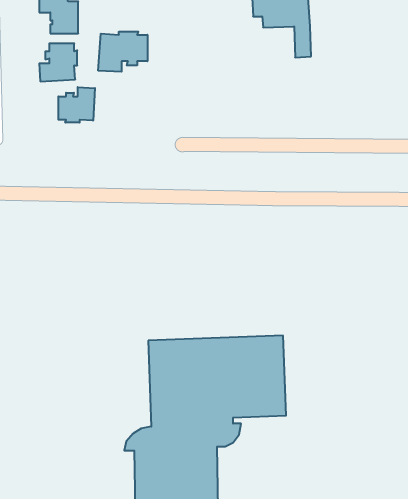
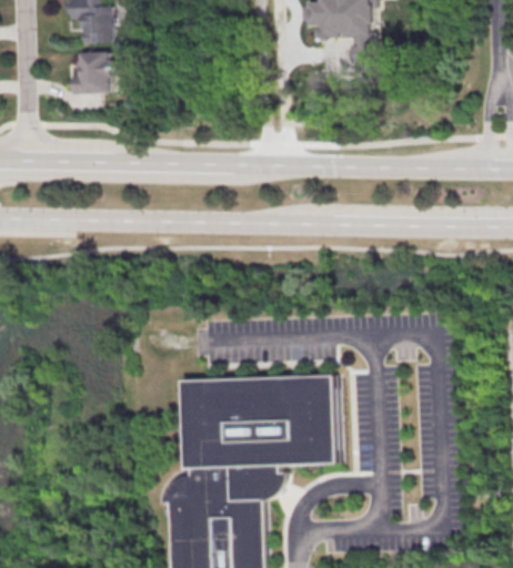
building: [98,32,147,72] -> none
building: [58,87,95,123] -> none

